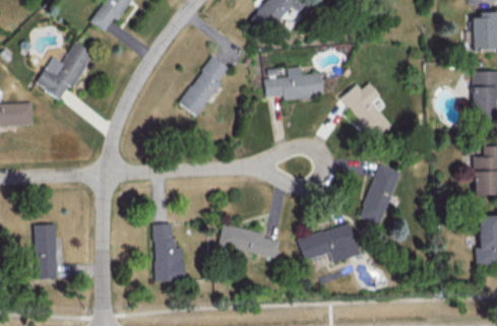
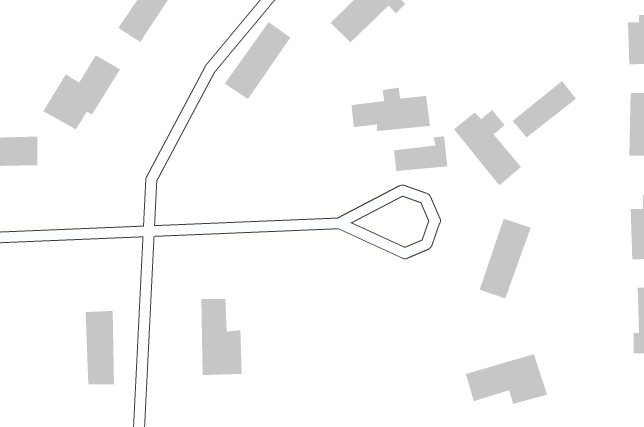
building: [180,56,231,115] -> [223,21,292,100]
building: none -> [512,80,577,139]
building: none -> [393,136,448,172]
building: [34,223,56,279] -> [85,310,115,385]
building: [219,223,281,257] -> none
building: [298,223,360,262] -> [465,353,548,405]

